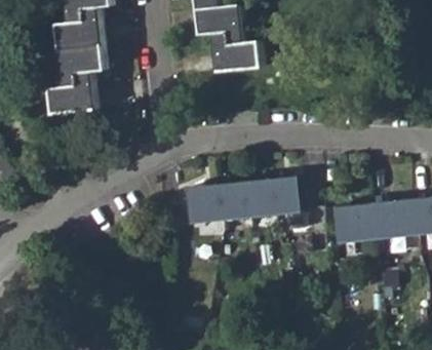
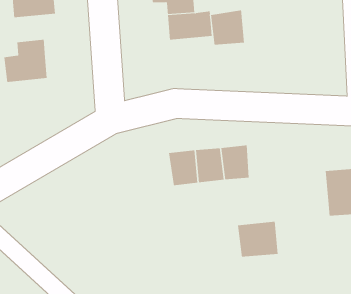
building: none -> [211,9,245,46]
building: [55,44,102,73] -> none
building: [186,186,219,222] -> none
building: [335,204,377,241] -> [237,221,278,257]

